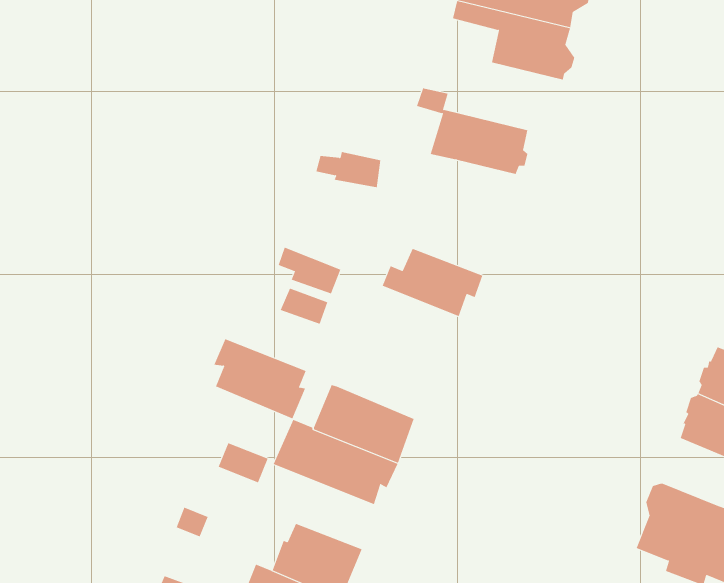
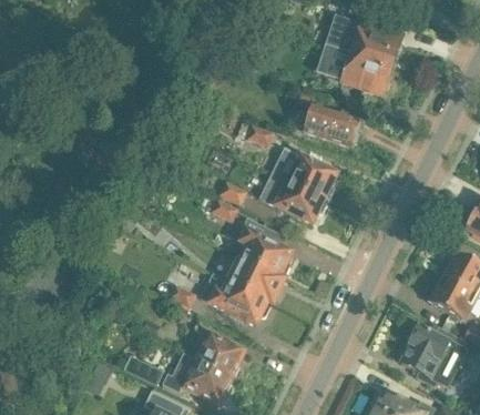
building: none -> [276,153,336,201]
building: [213,338,306,419] -> [239,230,292,279]

